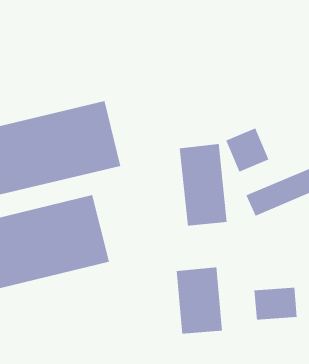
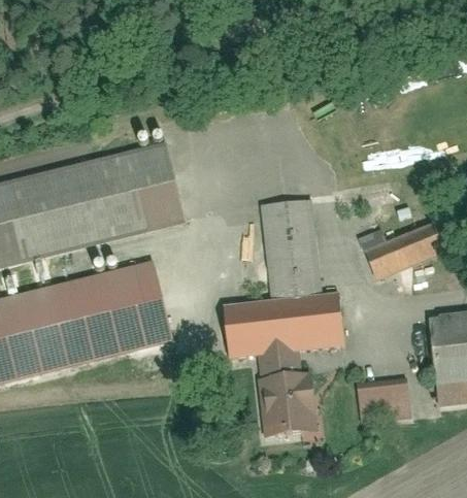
building: [226,127,269,173] -> none
building: none -> [223,295,344,358]

